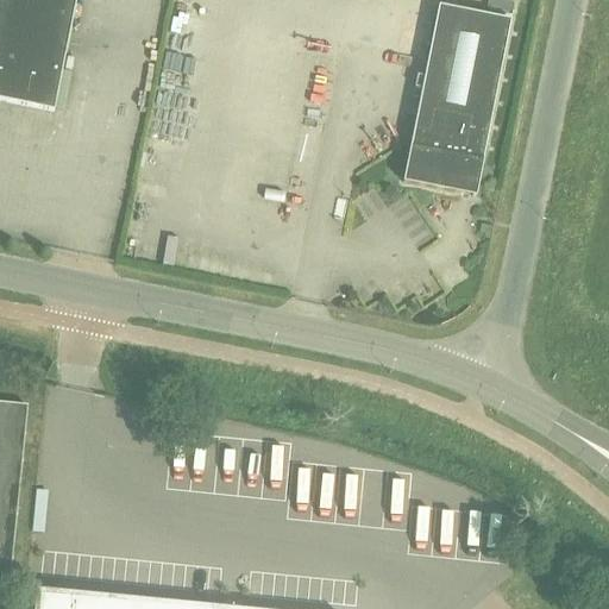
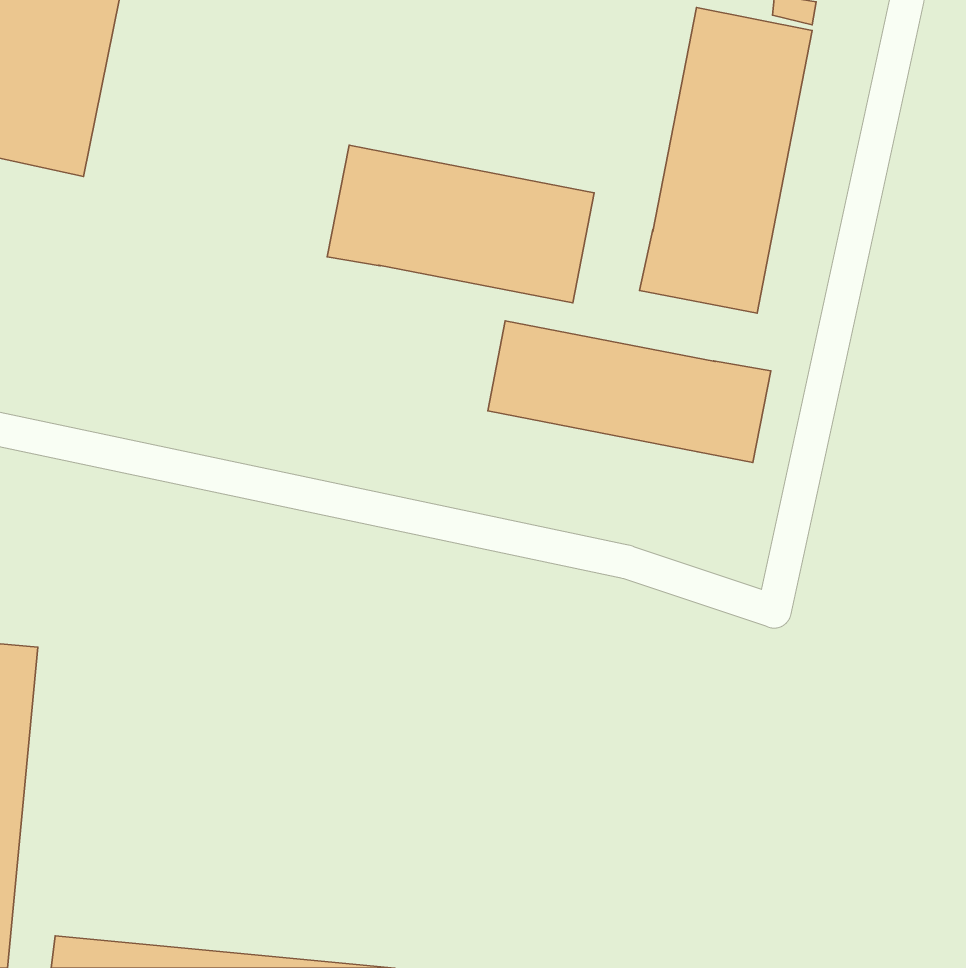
building: none -> [327,145,594,303]
building: none -> [488,321,771,462]

